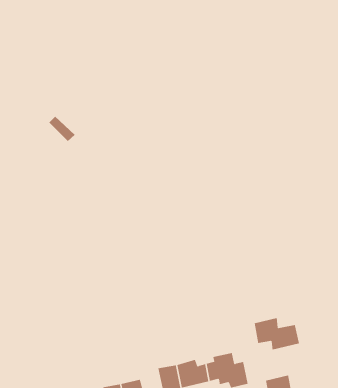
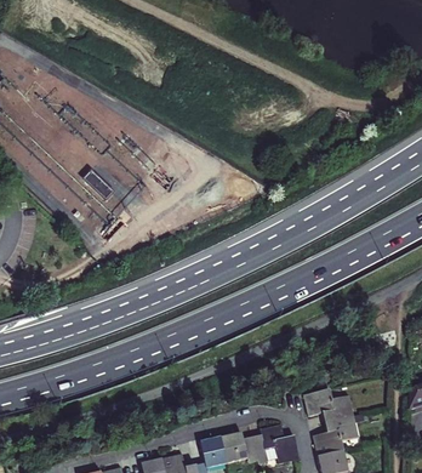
building: none -> [313,416,358,456]

